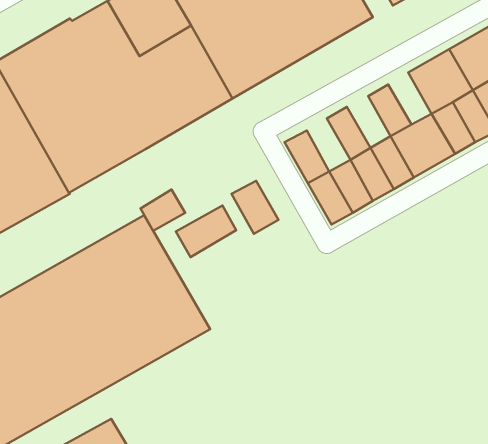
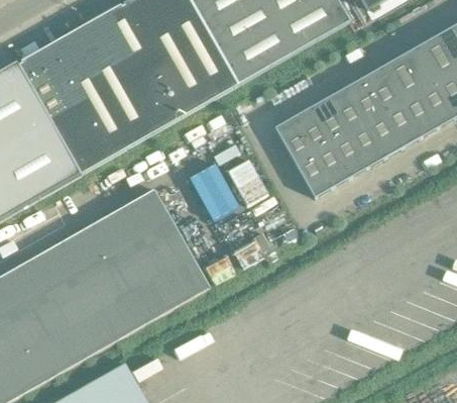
building: none -> [363,66,401,110]
building: none -> [328,86,365,130]
building: none -> [294,105,331,150]
building: [141,190,185,231] -> none
building: [176,206,236,257] -> none

